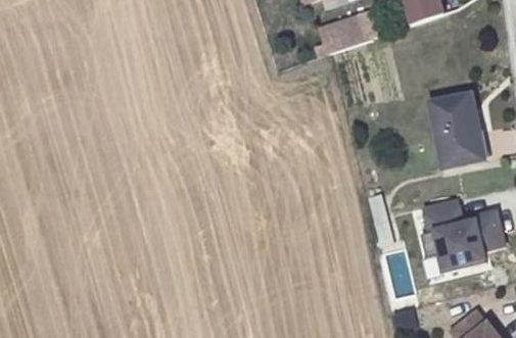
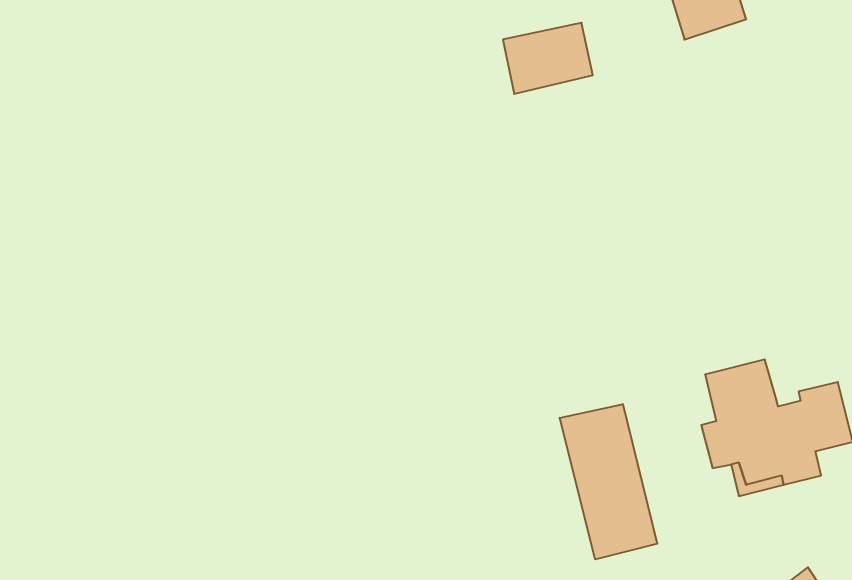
building: [431,92,481,166] -> none
building: none -> [560,404,657,559]

